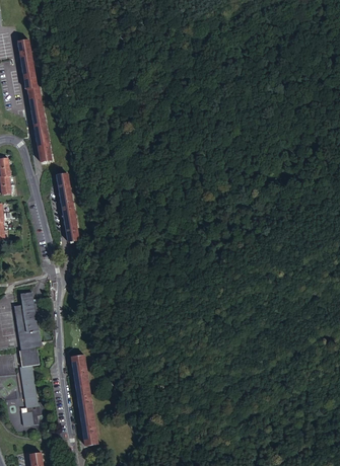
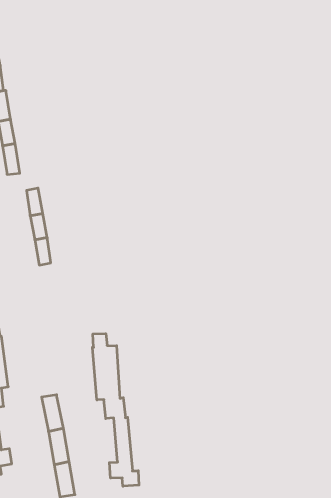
building: none -> [92,334,139,486]

